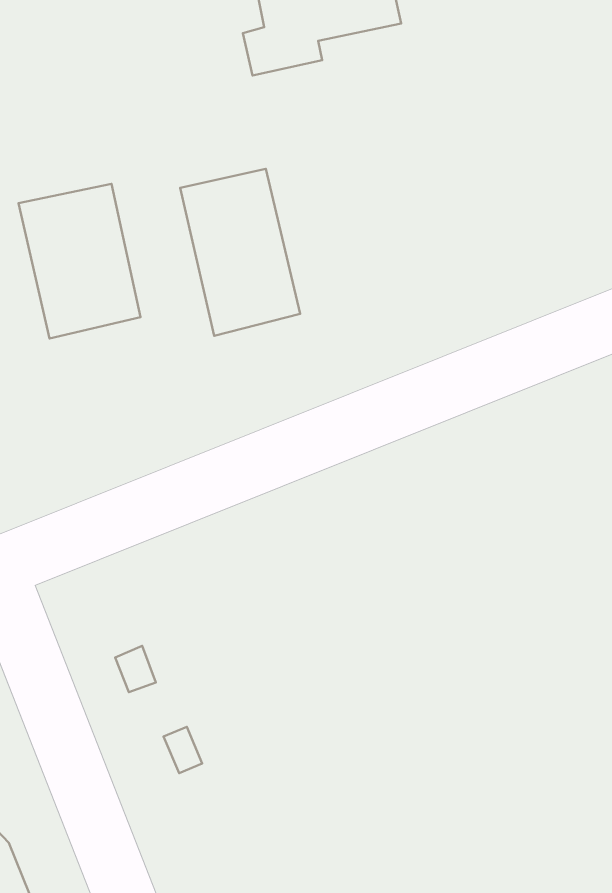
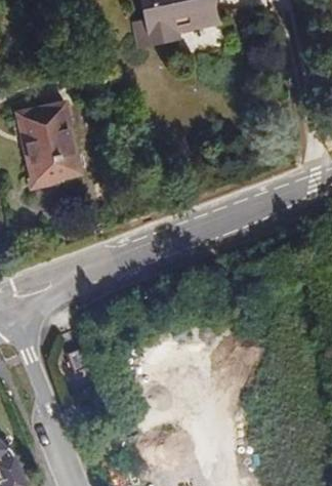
building: [180,169,300,336] -> none

